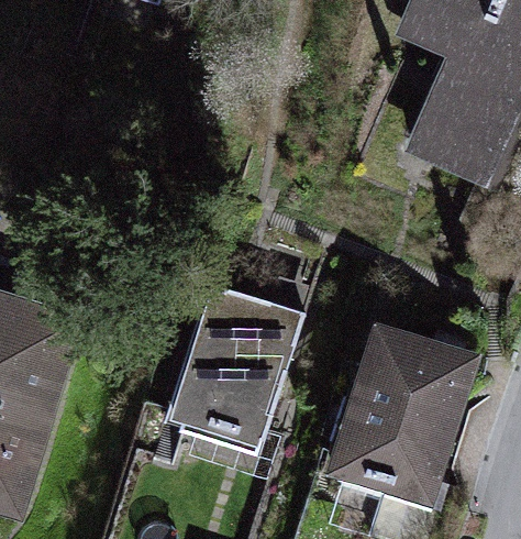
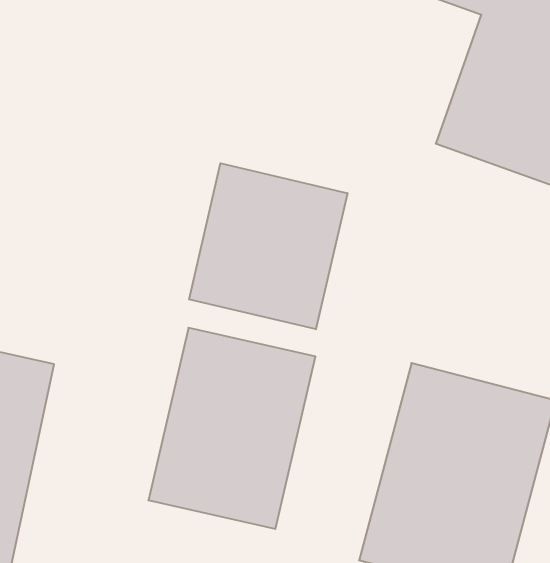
building: none -> [189,163,347,329]

